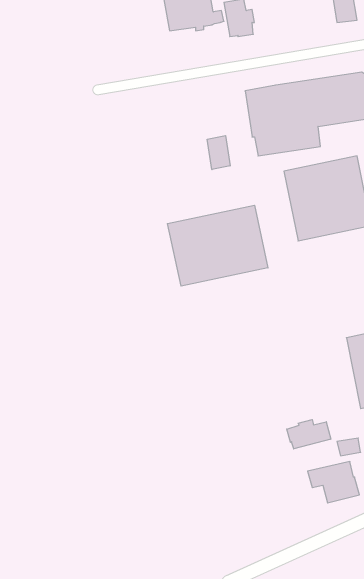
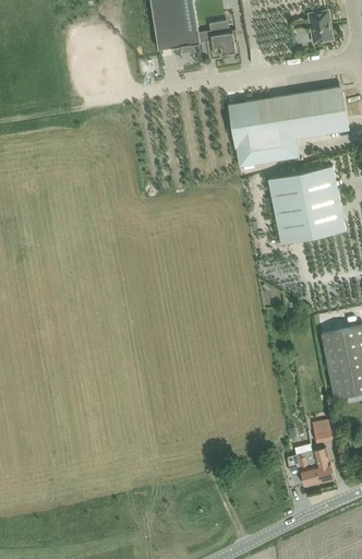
building: [207,136,230,170] -> none
building: [167,205,268,286] -> none
building: [287,420,331,449] -> none

